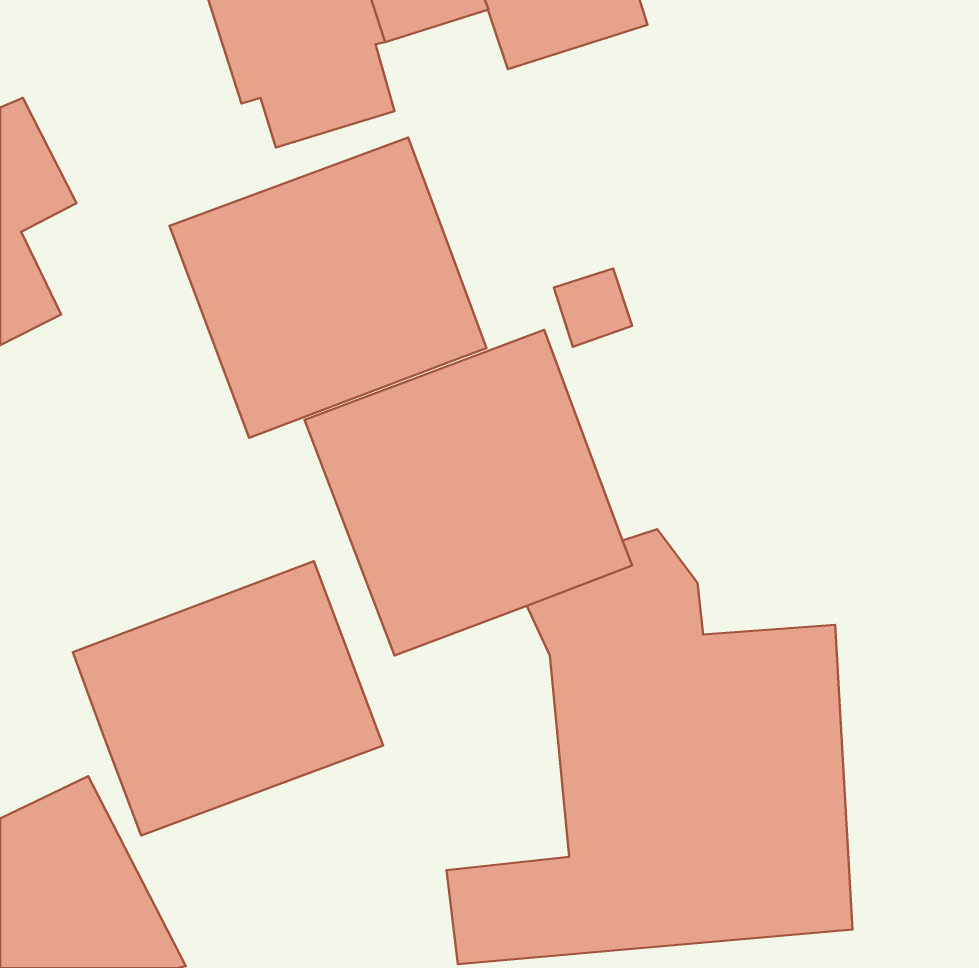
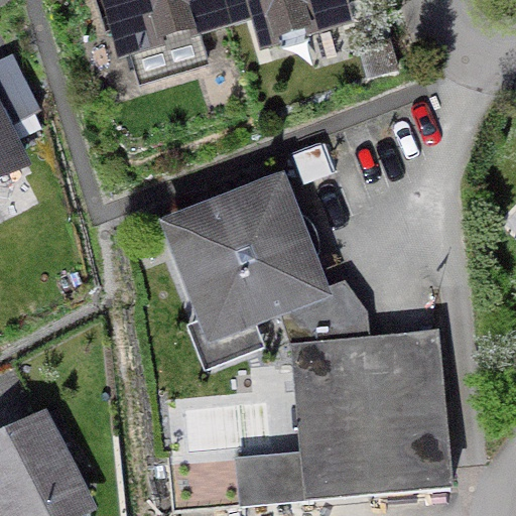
building: [169,137,486,438] -> none
building: [73,561,383,836] -> none

